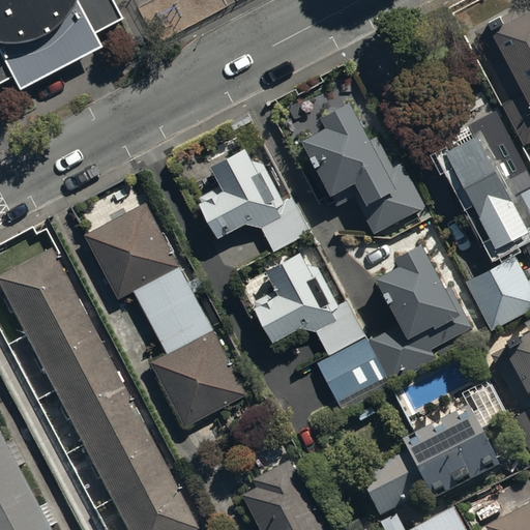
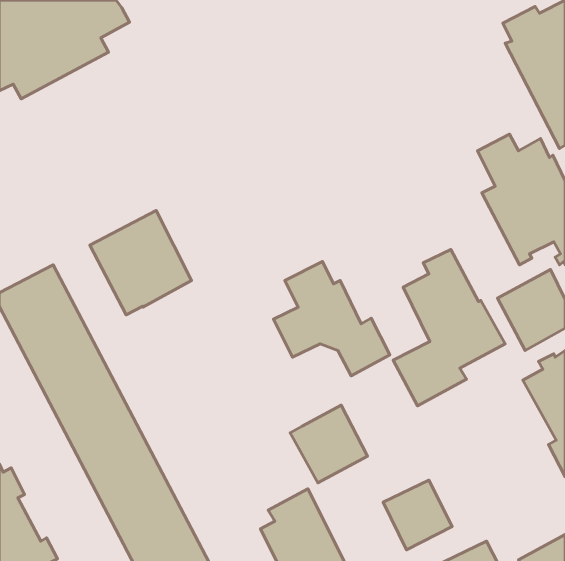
building: [301,96,423,233] -> none
building: [200,146,308,252] -> none
building: [134,267,245,426] -> none
building: [317,336,389,409] -> [290,405,368,483]
building: [403,406,499,499] -> none

